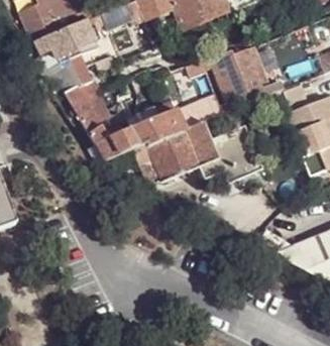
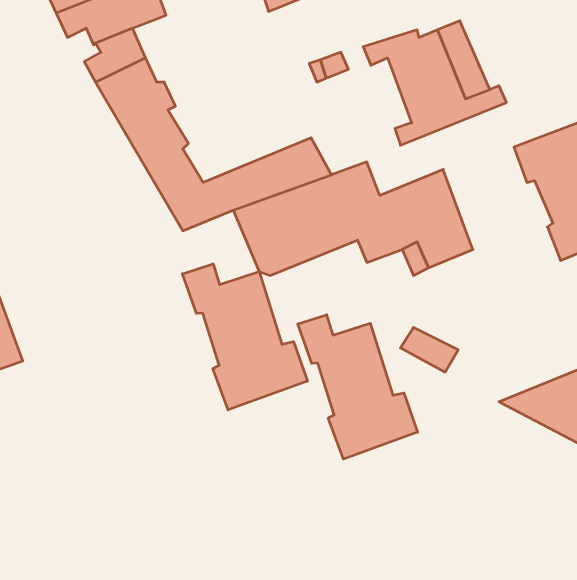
building: none -> [182,264,307,410]
building: none -> [298,315,418,459]

